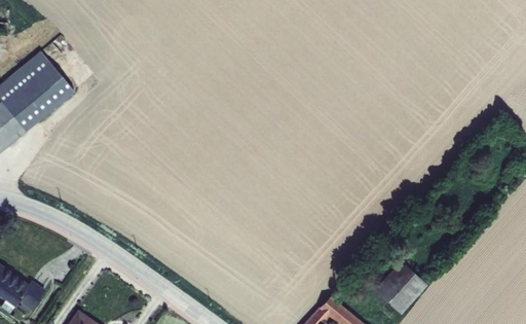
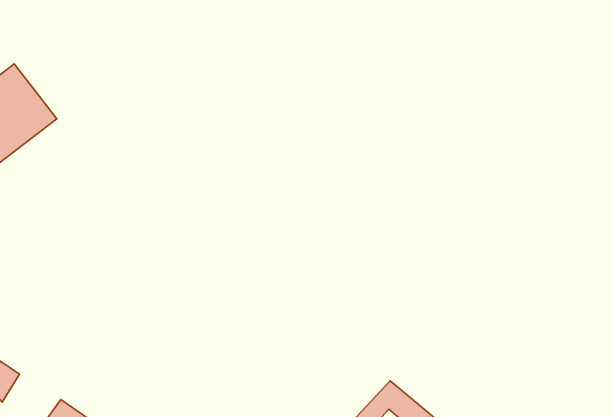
building: [374,260,427,314] -> none

